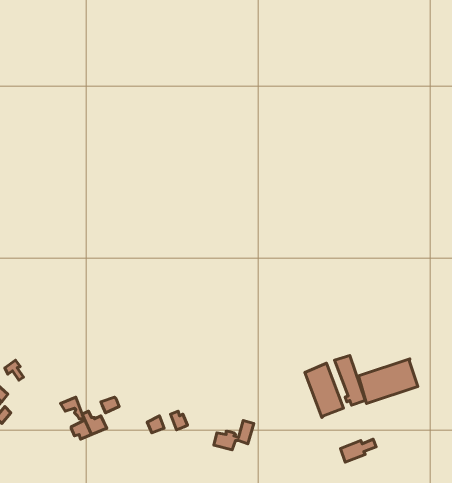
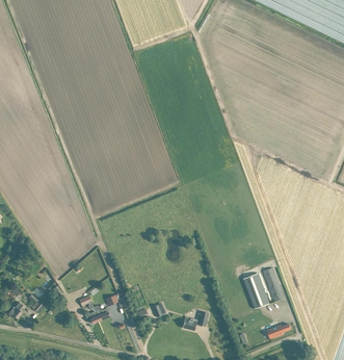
building: [358,359,418,403] -> none

